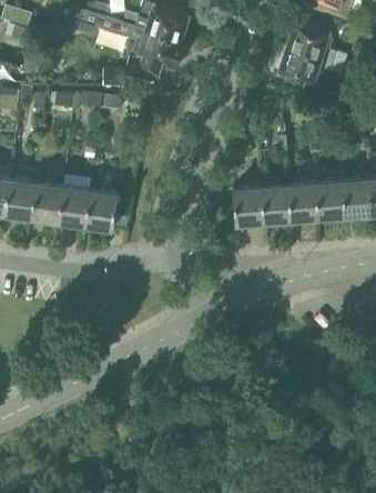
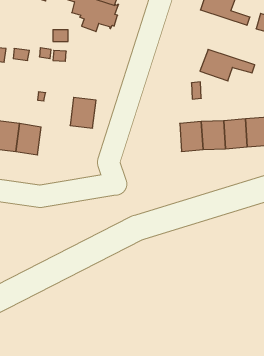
building: [276,48,344,87] -> [200,49,255,81]
building: [233,188,263,224] -> none
building: [85,192,118,230] -> [70,97,96,128]

